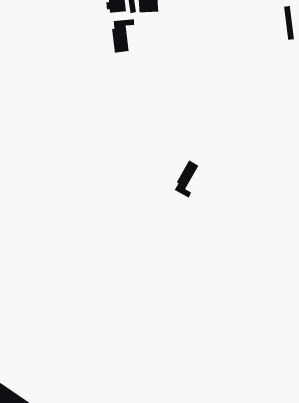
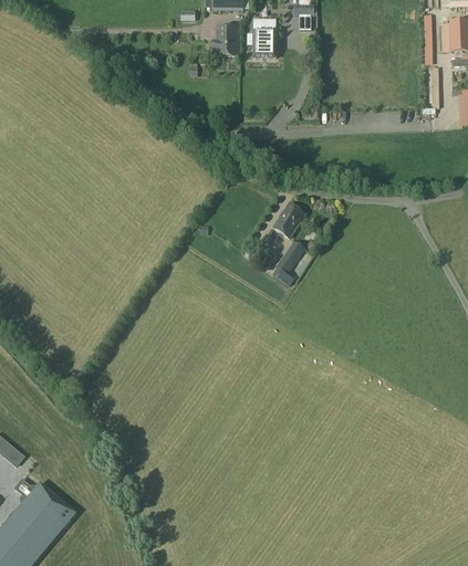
building: [111,18,135,53] -> none
building: none -> [273,205,304,238]

